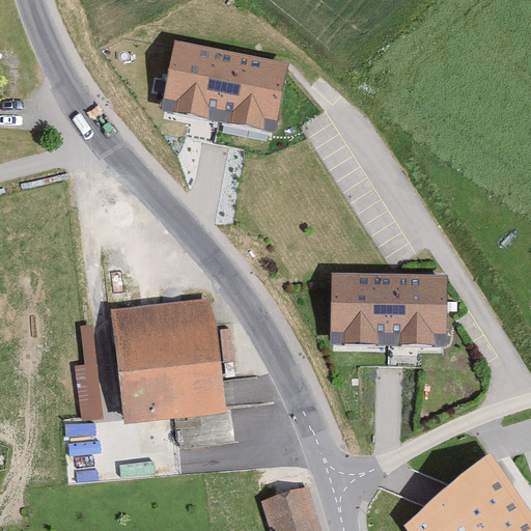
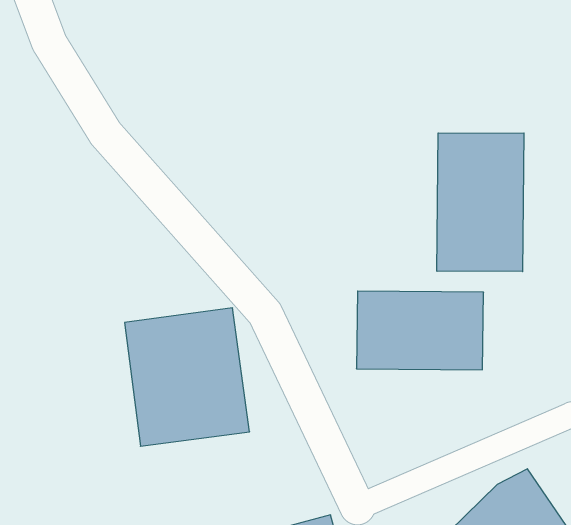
building: [159,50,284,134] -> none
building: none -> [437,133,524,272]

